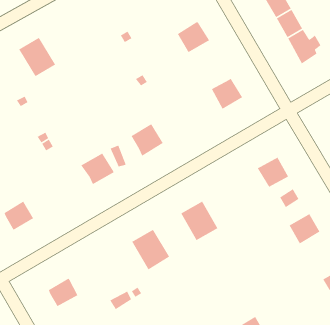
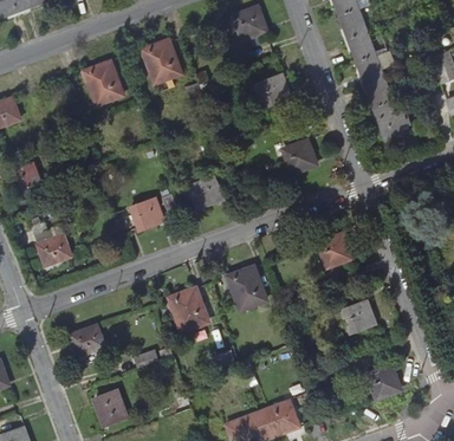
building: none -> [142,39,180,82]

